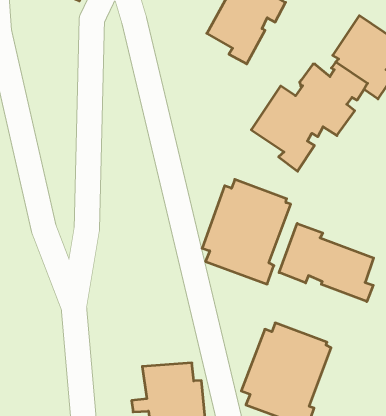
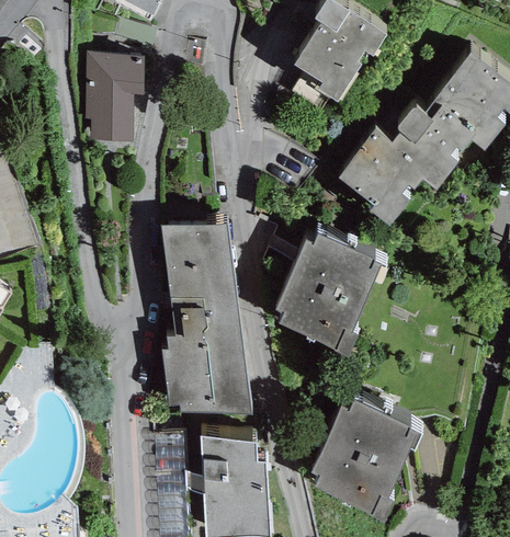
building: none -> [84,53,145,140]
building: none -> [162,220,250,419]
building: [279,223,374,302] -> none

